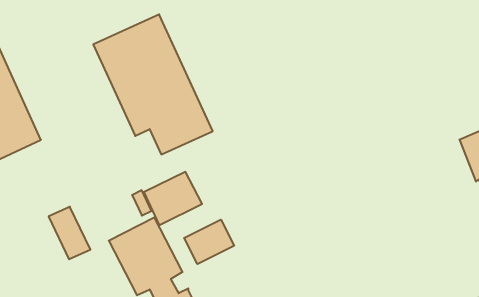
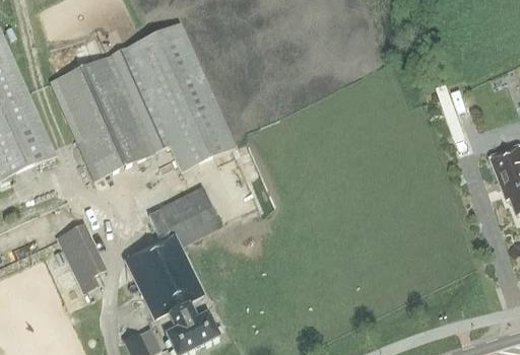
building: none -> [50,55,154,180]
building: [184,220,234,264] -> none

